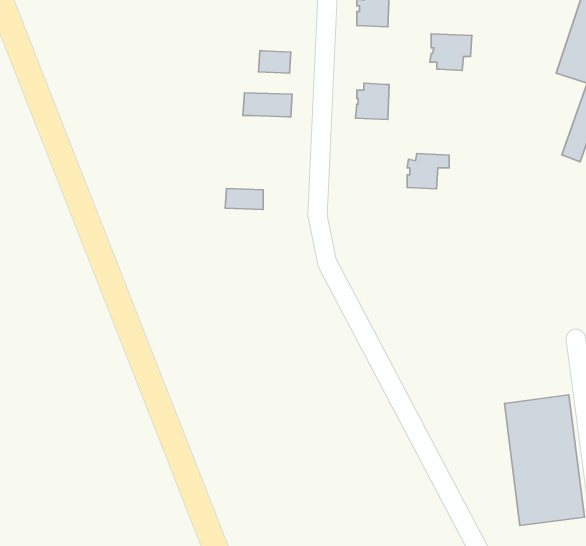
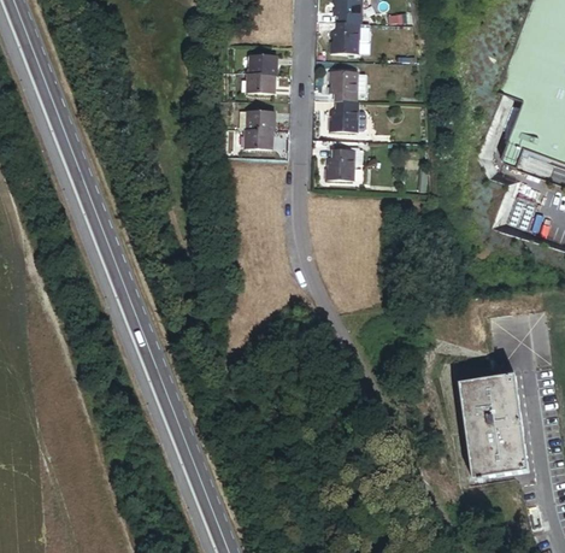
building: none -> [251,53,277,75]
building: [430,34,472,70] -> [329,71,365,102]
building: [407,154,449,189] -> [328,154,364,184]
building: [225,189,263,210] -> [240,129,272,147]

